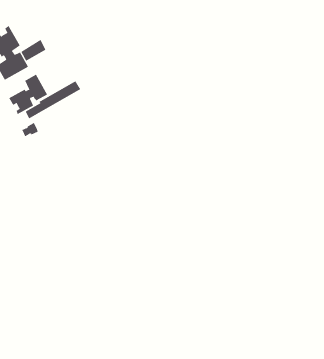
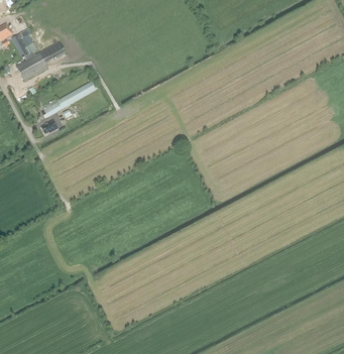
building: [9,74,48,115] -> none

